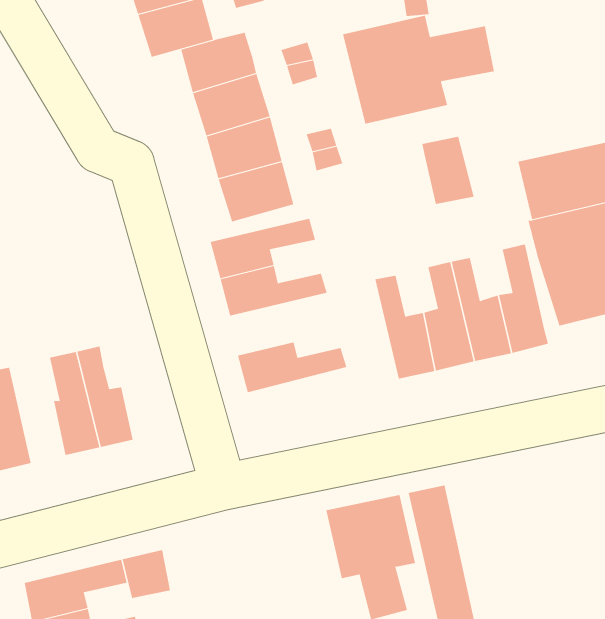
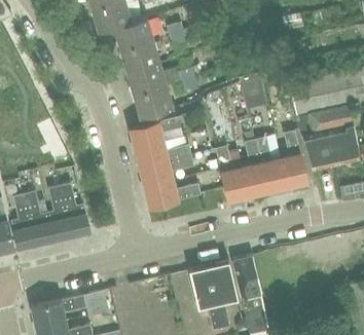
building: [343,15,494,125] -> none
building: none -> [140,155,193,188]
building: none -> [25,191,53,245]

